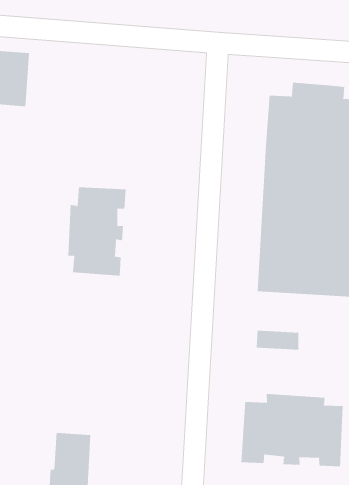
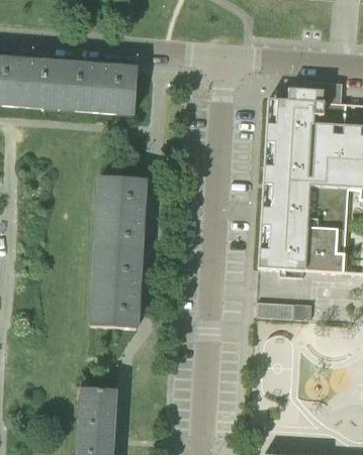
building: none -> [59,63,135,114]
building: none -> [90,251,140,328]
building: [241,393,343,467] -> none

